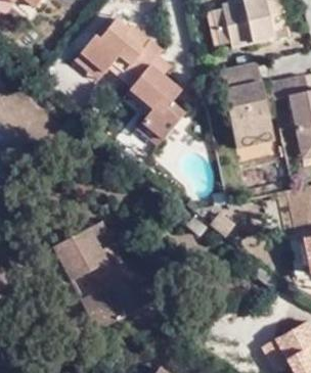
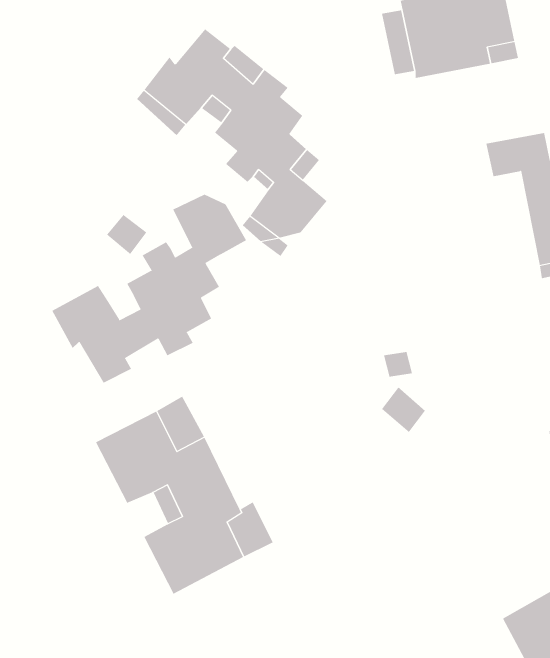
building: [222,60,272,144] -> none
building: none -> [52,194,247,384]

